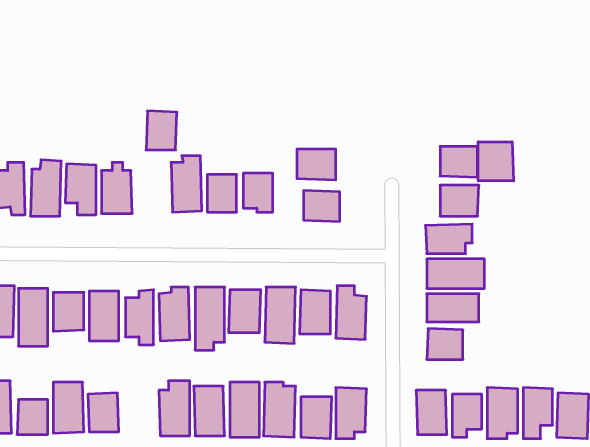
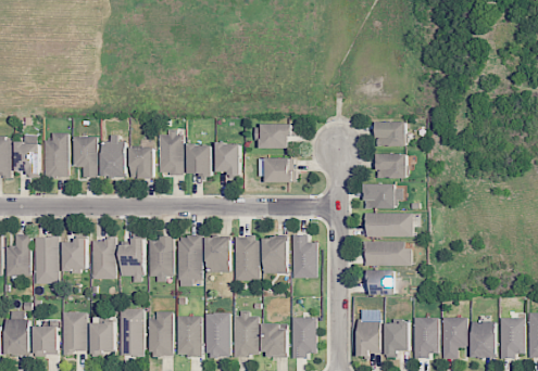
building: [146,111,177,150] -> [129,146,154,178]
building: [478,142,514,181] -> none
building: none -> [120,308,145,356]

